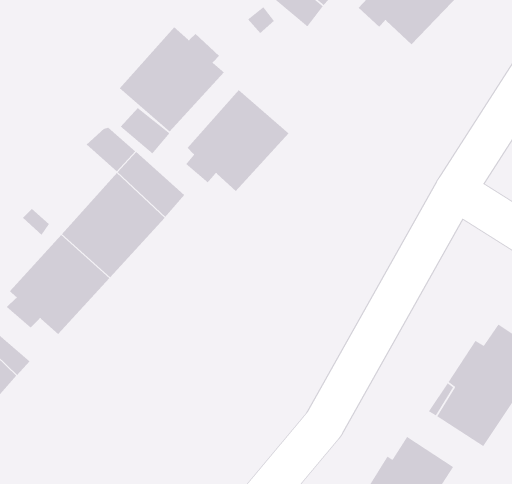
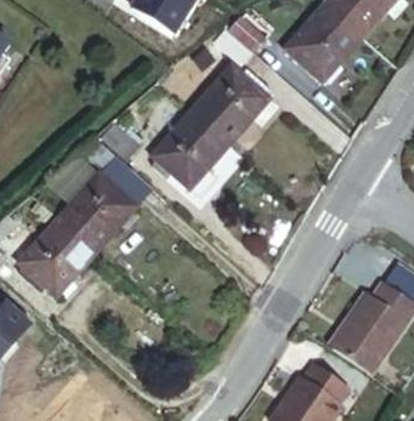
building: [119,27,225,132] -> [191,62,270,141]

